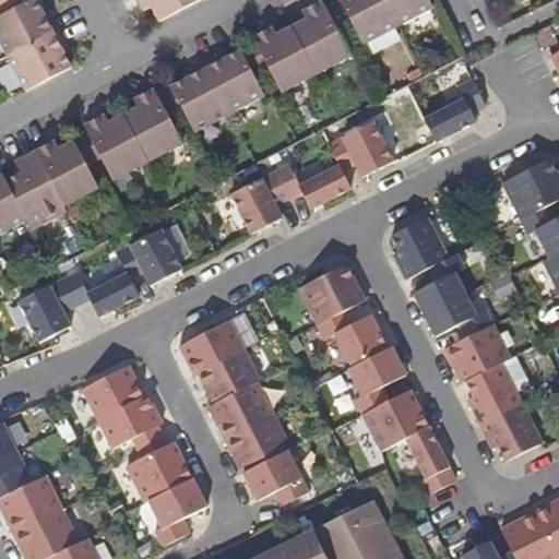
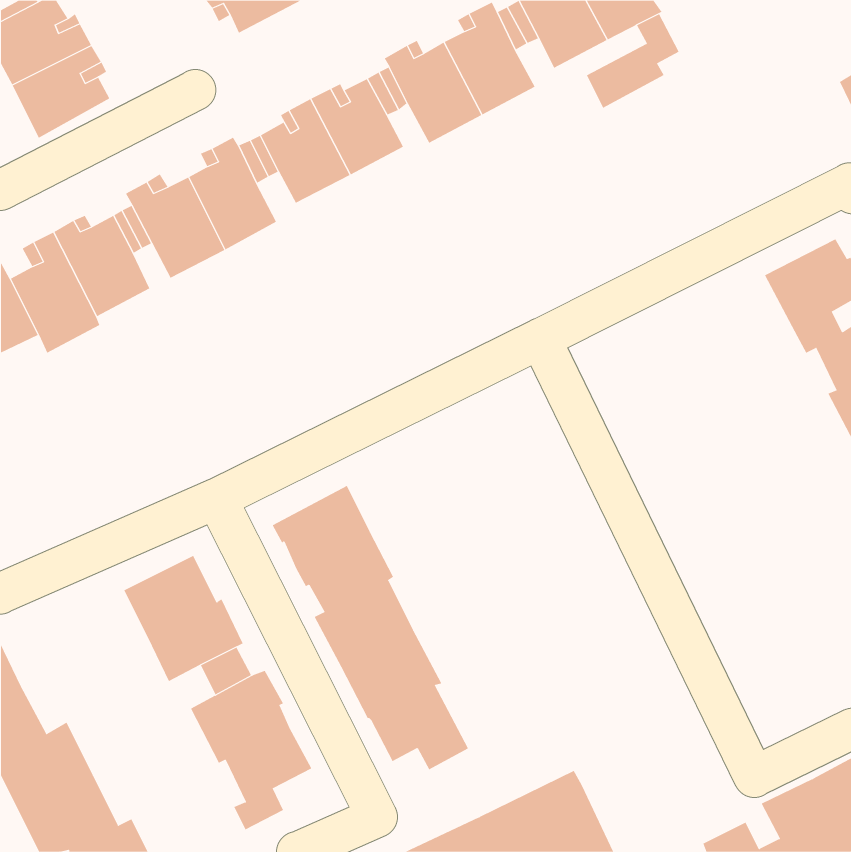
building: [424,78,485,140] -> [586,14,680,109]
building: [230,119,392,231] -> none
building: [391,216,542,460] -> none
building: [19,227,180,340] -> none
building: [298,262,454,491] -> none

